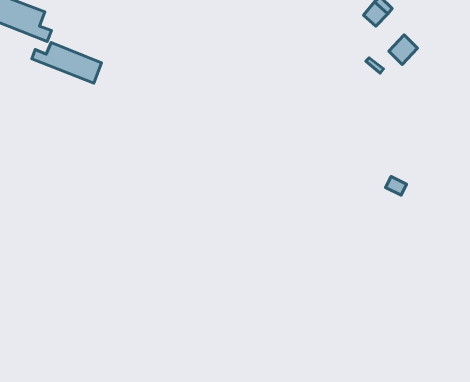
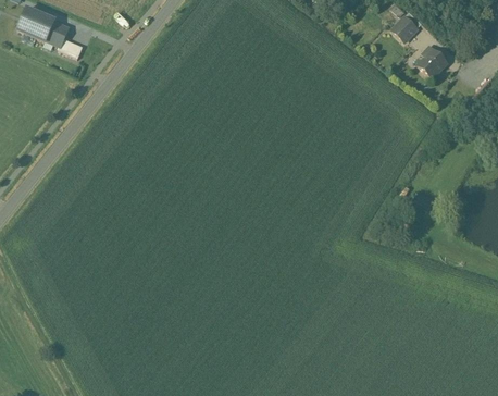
building: [32,42,101,83] -> none

